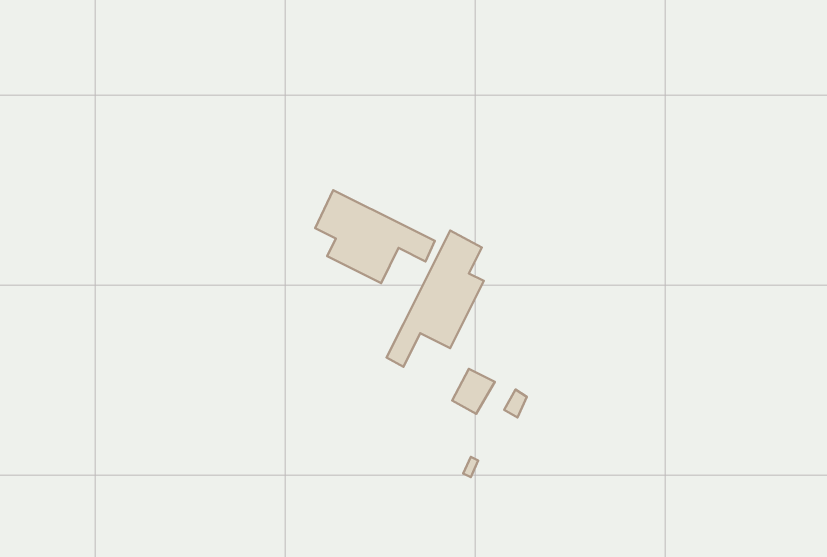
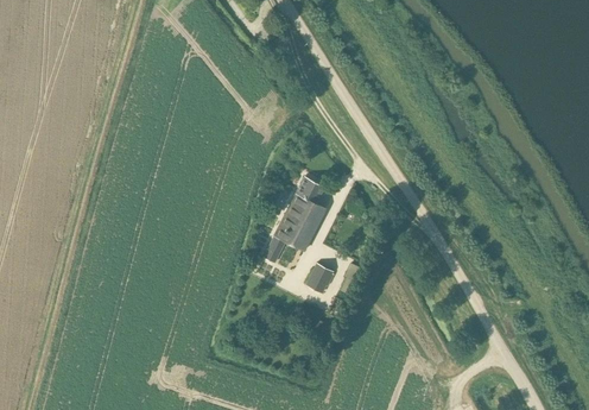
building: [315,190,435,283] -> none

